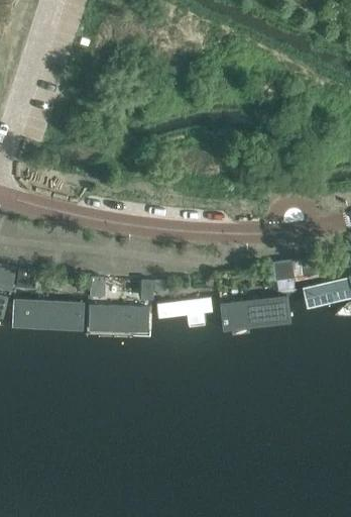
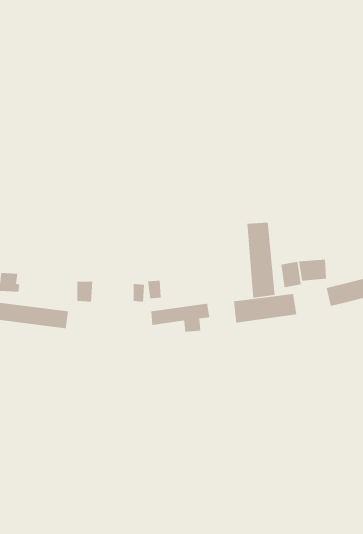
building: none -> [247,222,275,299]
building: [86,309,144,333] -> none

